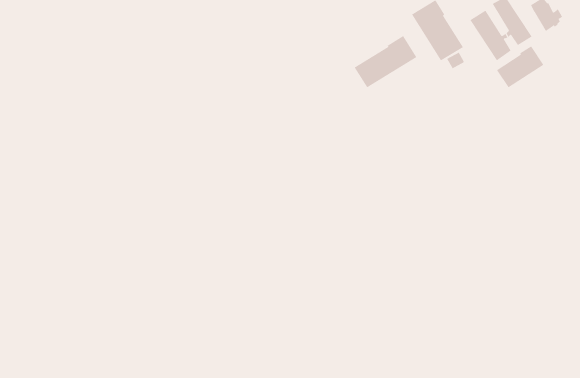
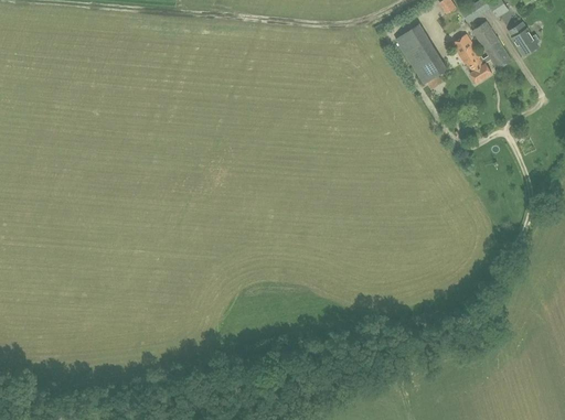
building: [354,35,417,88] -> none
building: [496,45,544,88] -> none

